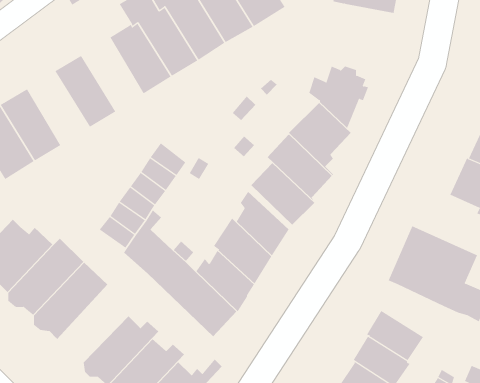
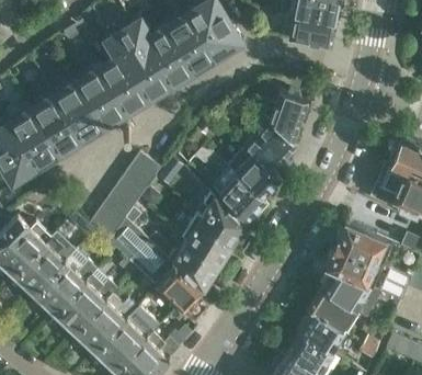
building: none -> [75,68,125,128]
building: none -> [31,95,81,156]
building: none -> [55,270,117,333]
building: none -> [319,270,381,319]

